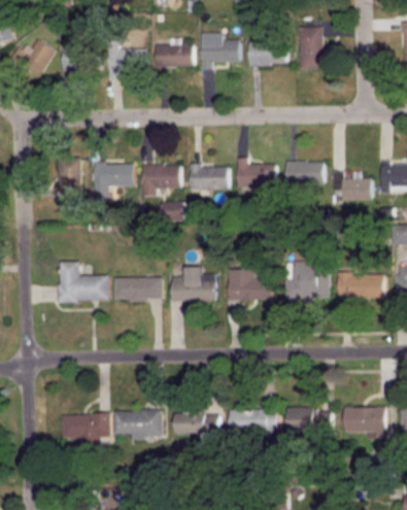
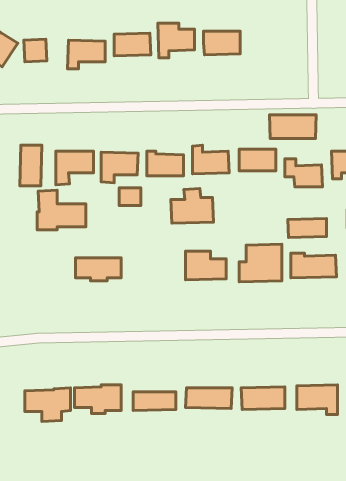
building: [300,25,323,67] -> none
building: none -> [269,115,316,139]
building: none -> [288,219,326,237]
building: [58,260,108,301] -> [37,190,86,230]
building: [171,264,215,300] -> [171,189,214,223]

